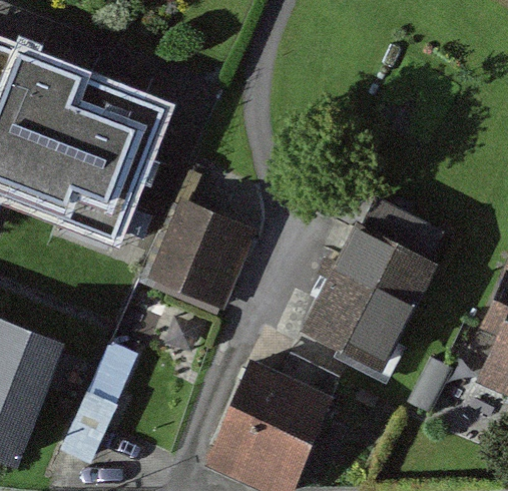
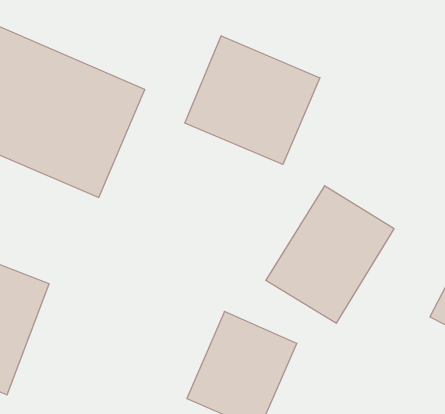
building: none -> [185,36,320,164]
building: [154,189,262,297] -> none

